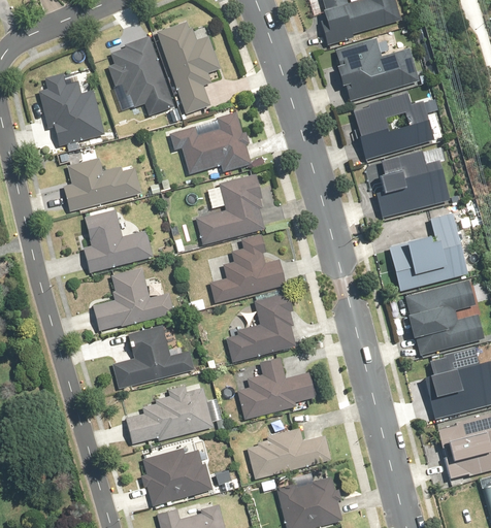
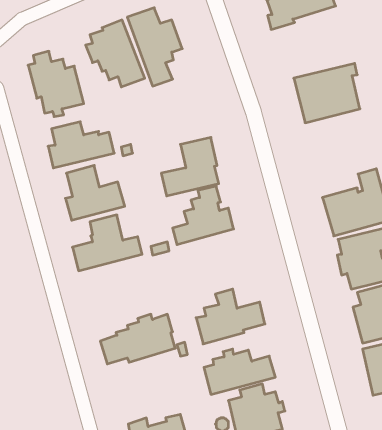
building: [334,29,421,104] -> none
building: [168,114,250,175] -> none
building: [368,145,450,221] -> none
building: [226,291,295,363] -> none
building: [112,326,193,388] -> none
building: [140,448,211,507] -> none

